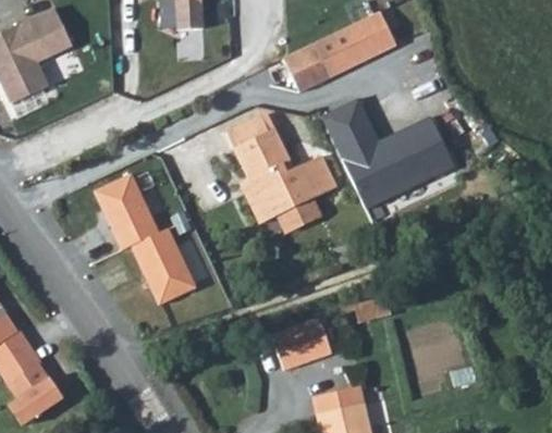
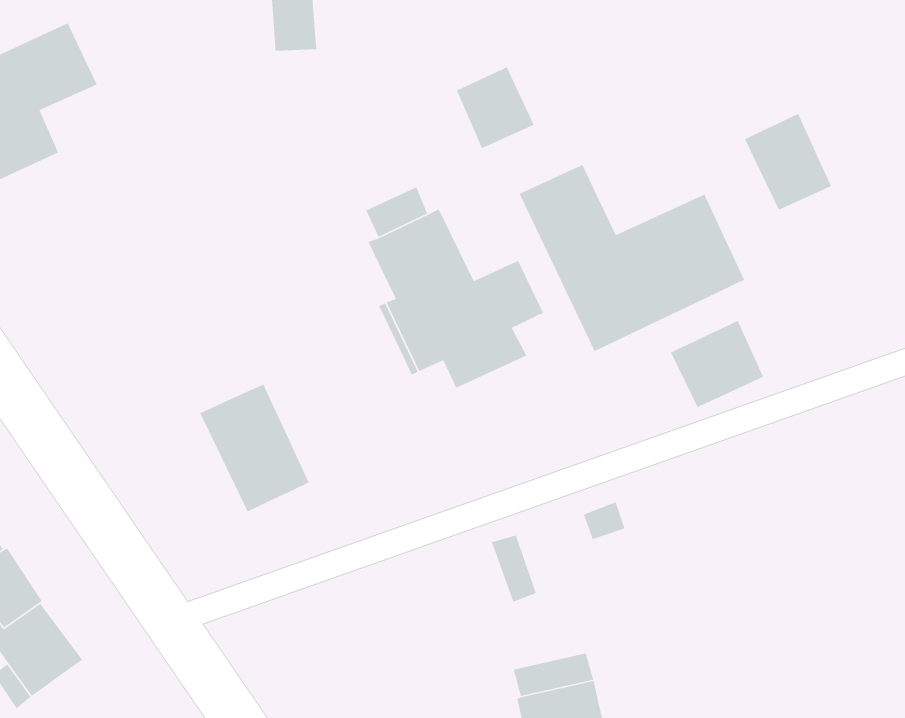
building: [314,11,395,76] -> none
building: none -> [744,113,832,211]
building: [95,173,160,250] -> none
building: none -> [670,320,764,408]
building: [271,322,317,369] -> none

